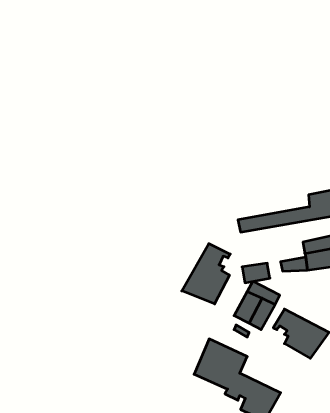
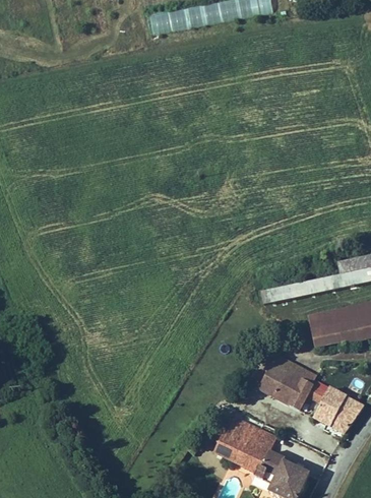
building: [182,244,230,304] -> none
building: [242,263,270,283] -> [308,309,338,330]

